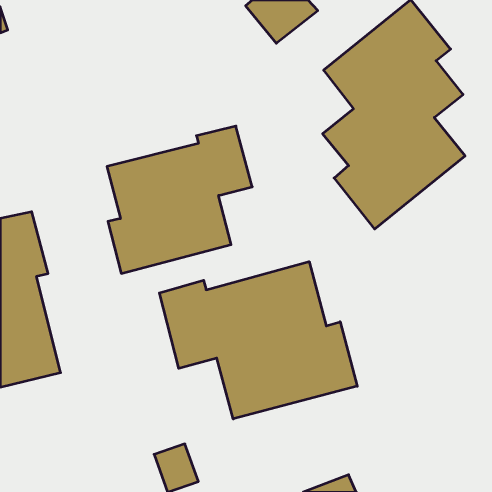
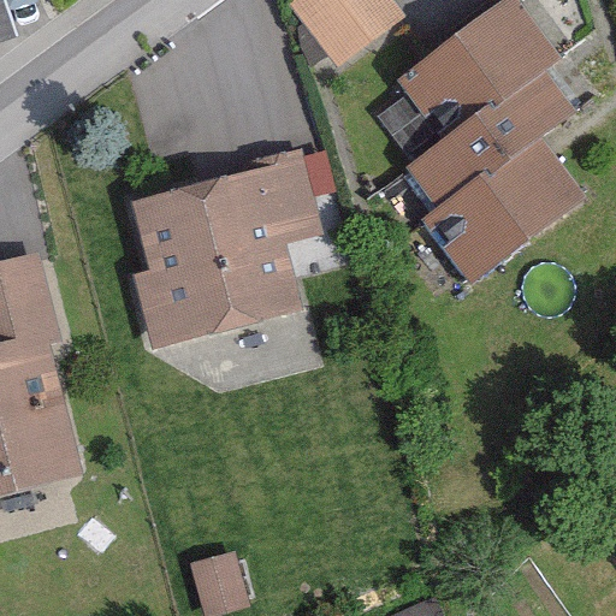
building: [159,262,357,419] -> none

